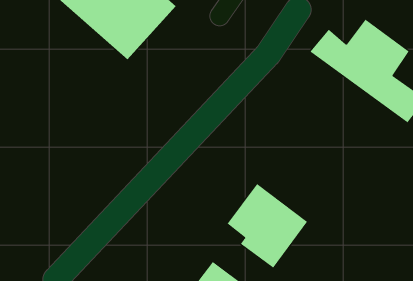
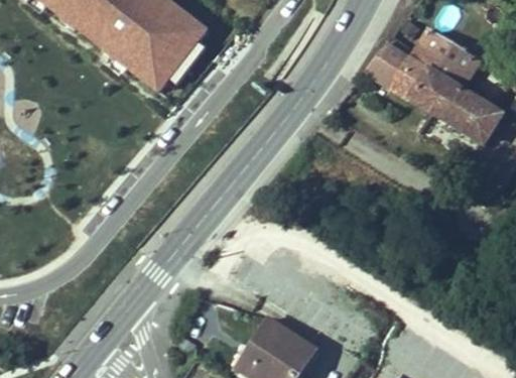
building: [227,183,308,268] -> none

